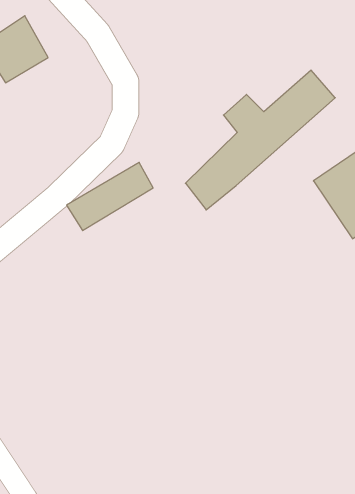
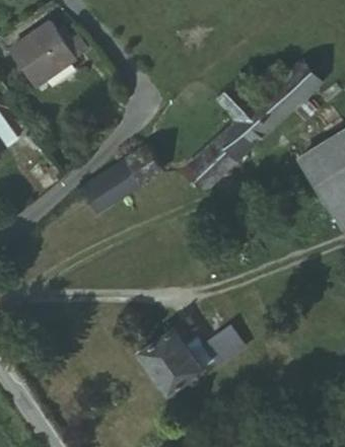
building: none -> [206,319,250,361]
building: none -> [137,330,203,396]

